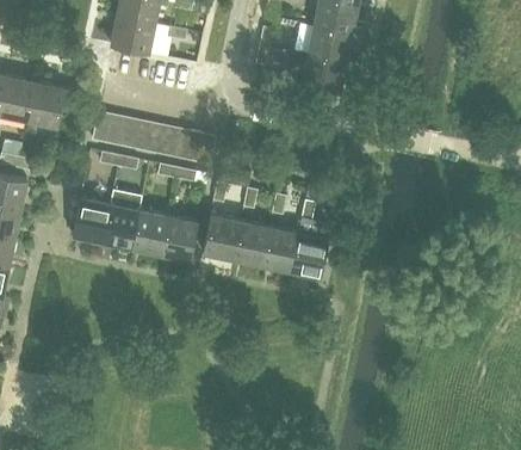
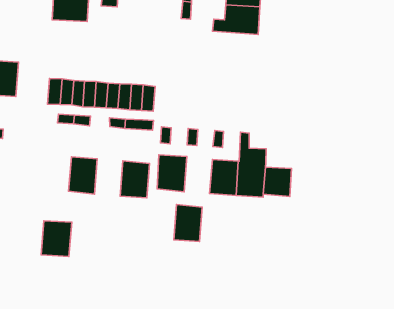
building: [70,198,110,242] -> [41,221,72,257]
building: [130,210,167,255] -> none
building: [231,221,268,266] -> [174,204,202,242]
building: none -> [263,167,292,196]

